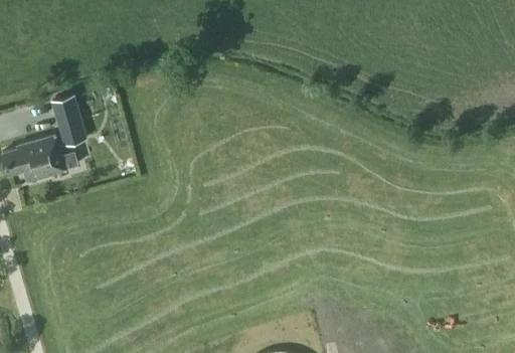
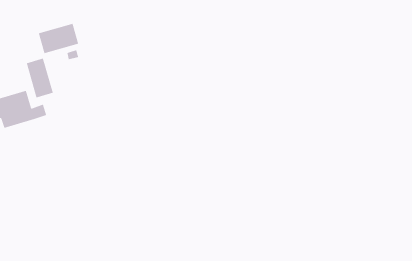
building: none -> [38,23,79,54]

